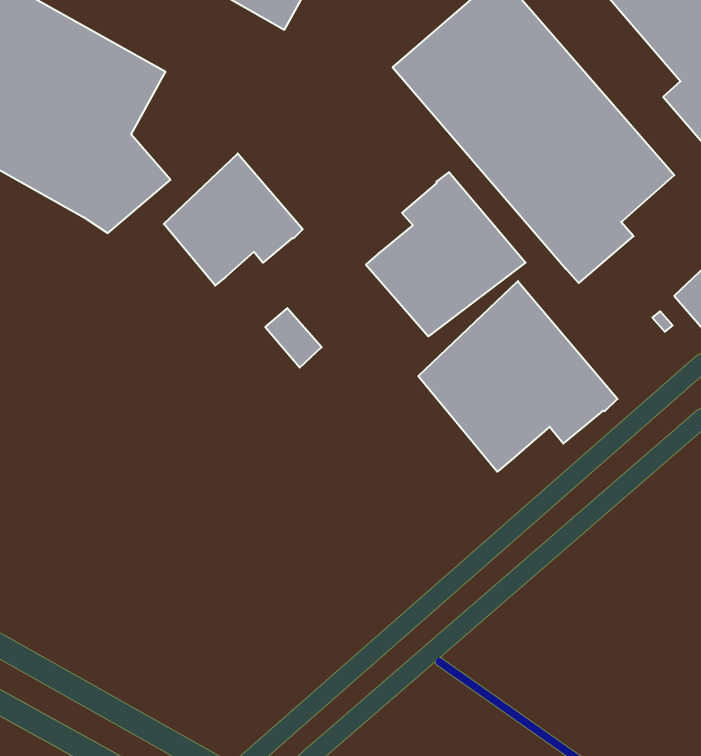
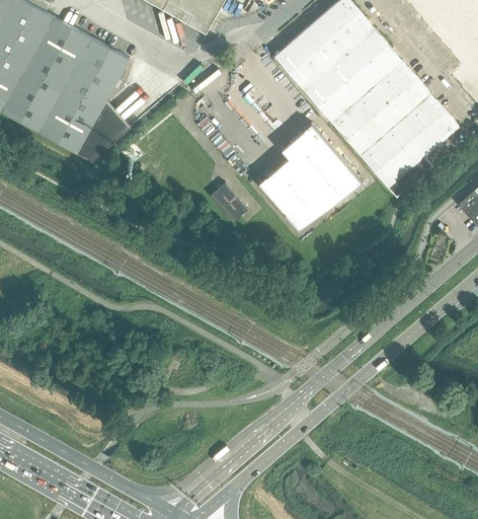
building: [164,153,303,286] -> none
building: [418,281,618,472] -> none
building: [265,308,322,368] -> [211,183,247,222]

